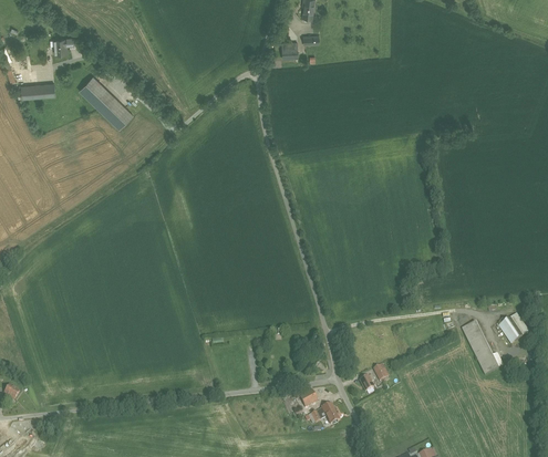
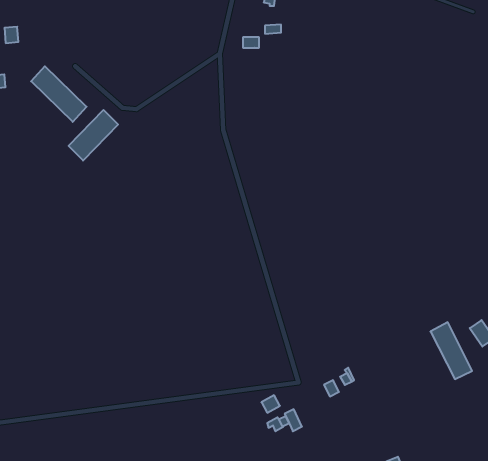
building: none -> [69,110,118,161]

